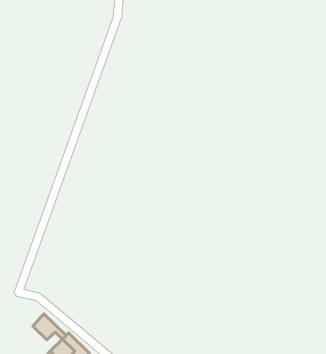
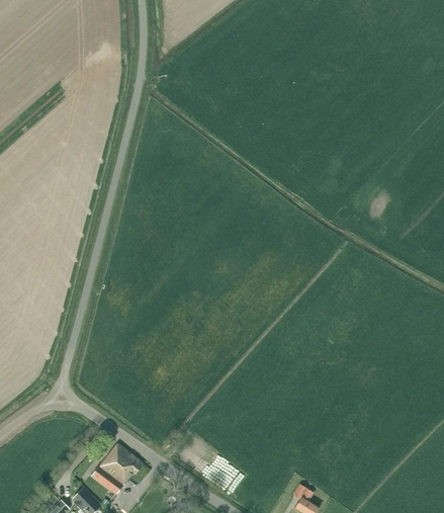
building: [33,314,66,340] -> none

